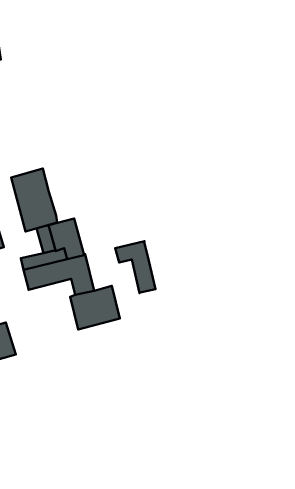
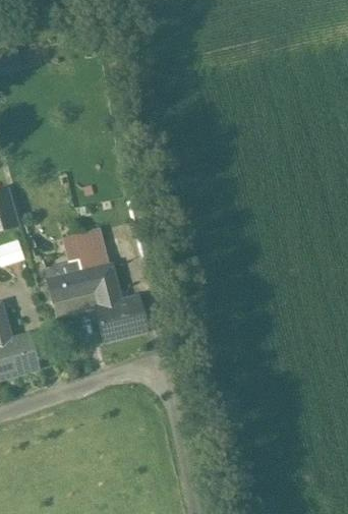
building: [11,168,57,231] -> none
building: [115,241,156,293] -> none
building: none -> [53,289,101,318]

